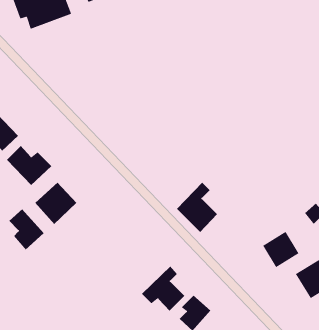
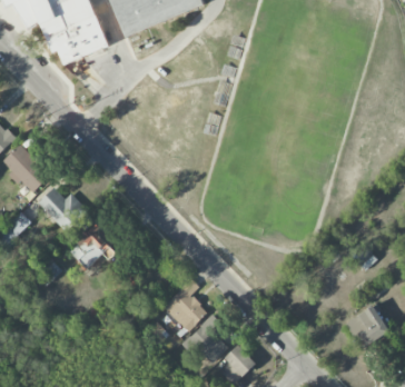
building: [176,182,218,233] -> [161,277,206,331]
building: [8,209,45,250] -> none
building: [262,231,300,268] -> none

